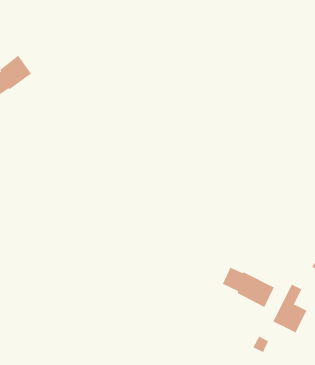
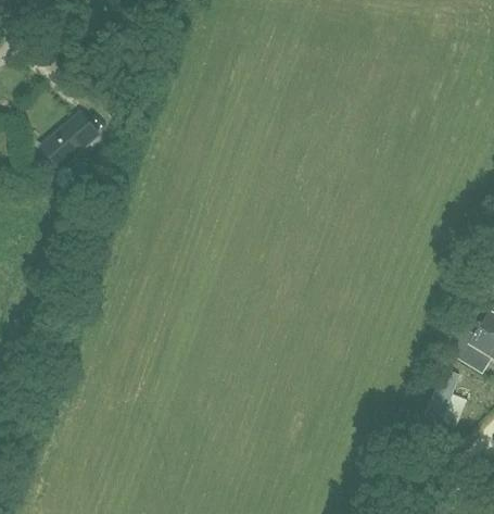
building: [222,267,274,308] -> none

